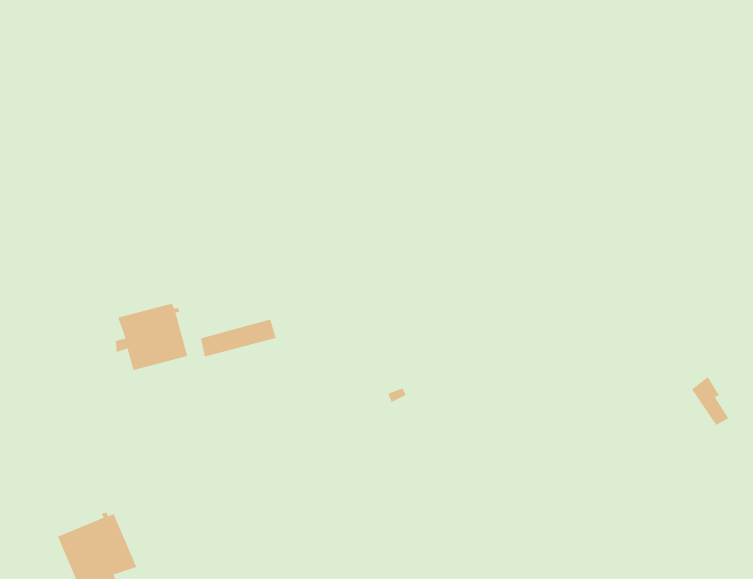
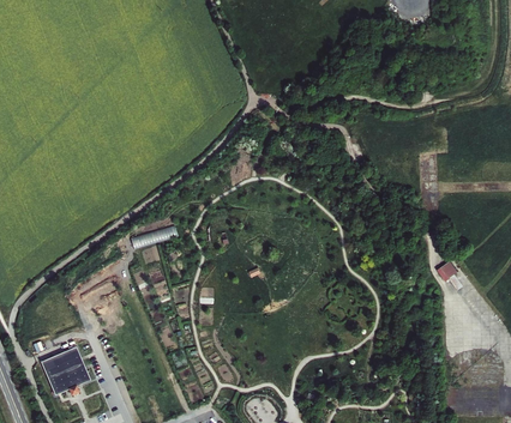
building: [115,303,188,371] -> none

